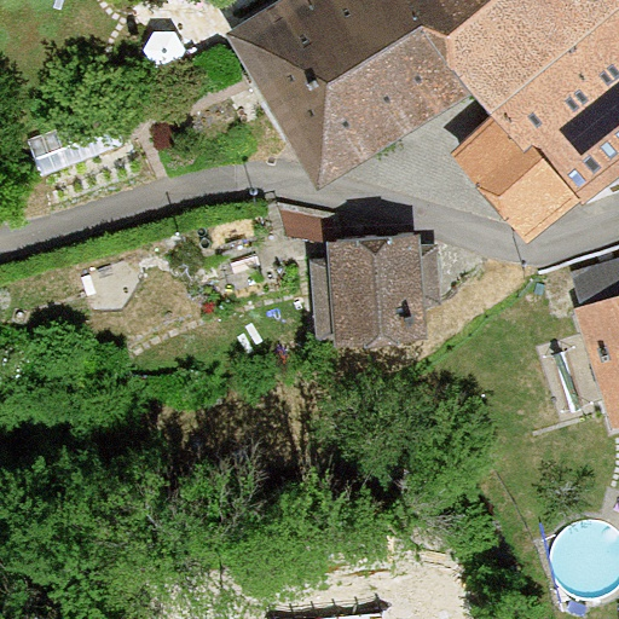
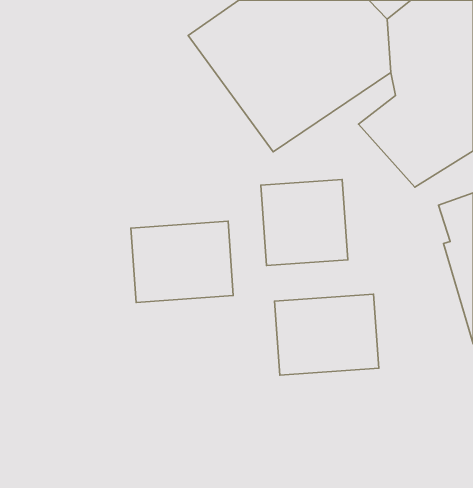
building: none -> [131,221,233,302]
building: none -> [275,294,379,375]

